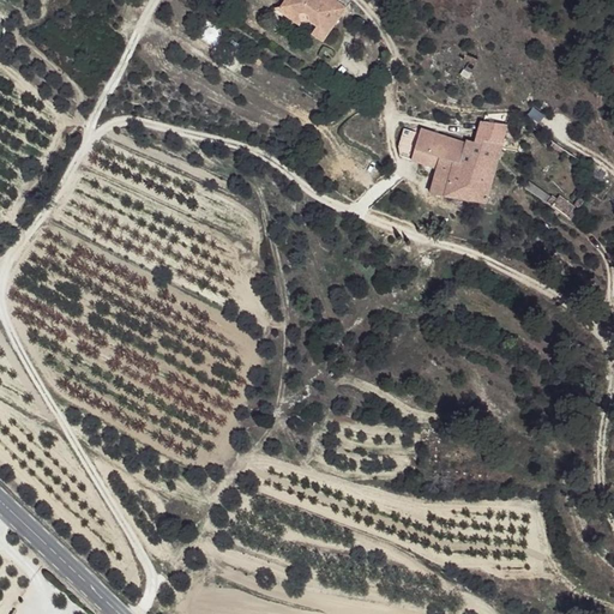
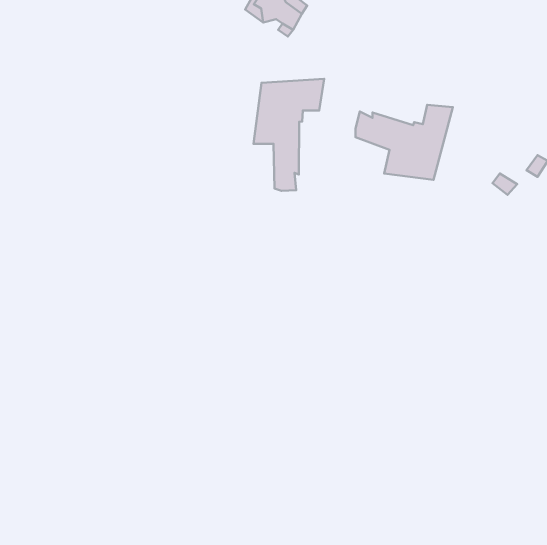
building: none -> [253,79,324,191]

